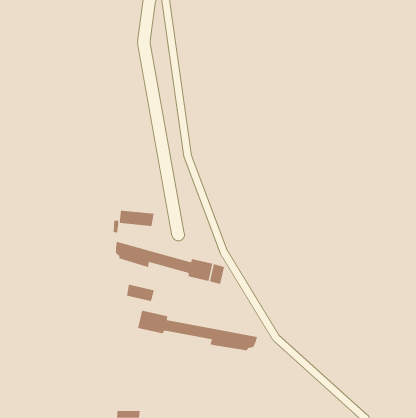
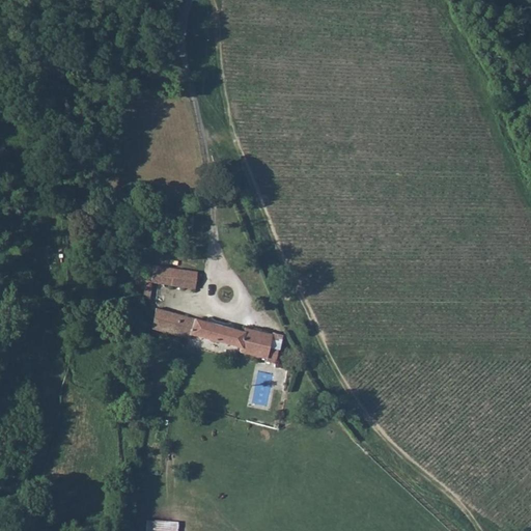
building: [127,284,154,302] -> none
building: [137,310,258,351] -> none

